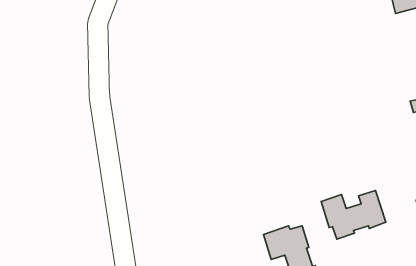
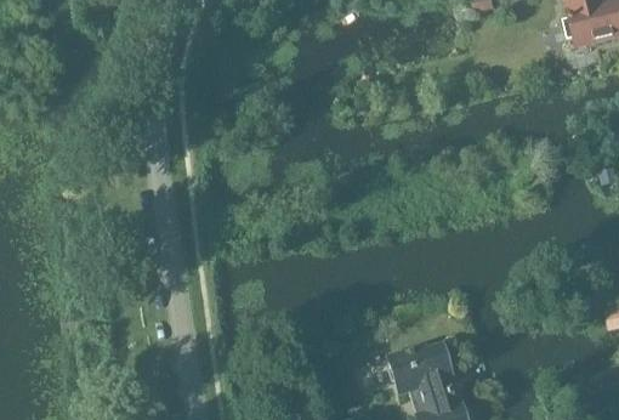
building: [321,190,386,239] -> none

